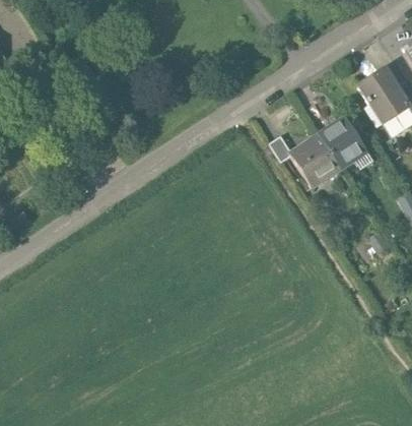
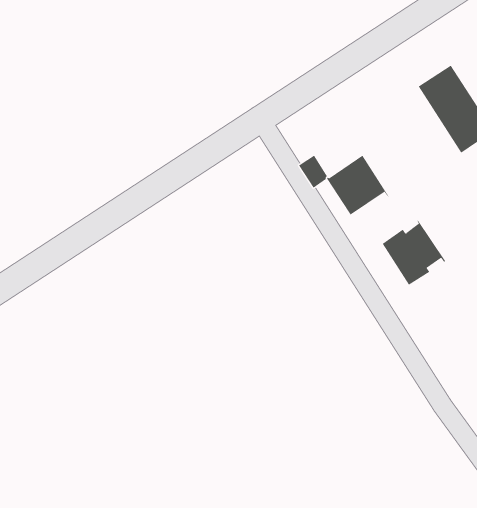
building: [317,117,365,167] -> [382,220,446,285]

